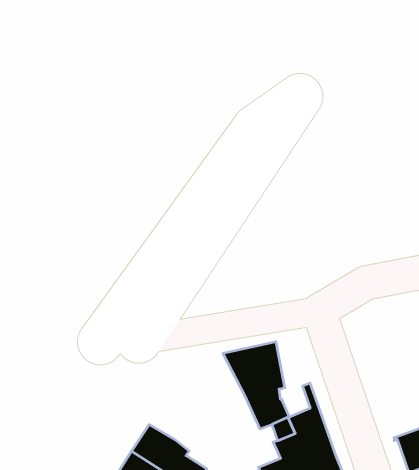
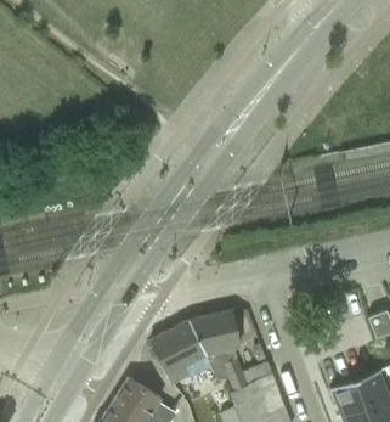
building: none -> [151,320,213,384]

